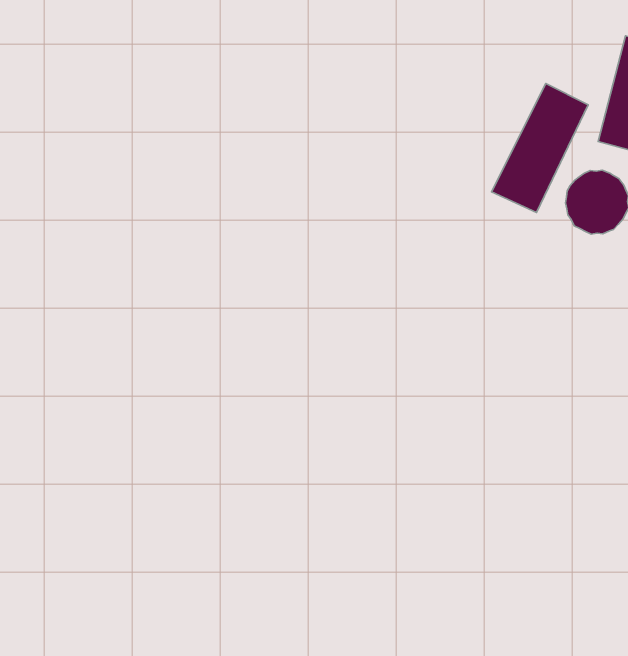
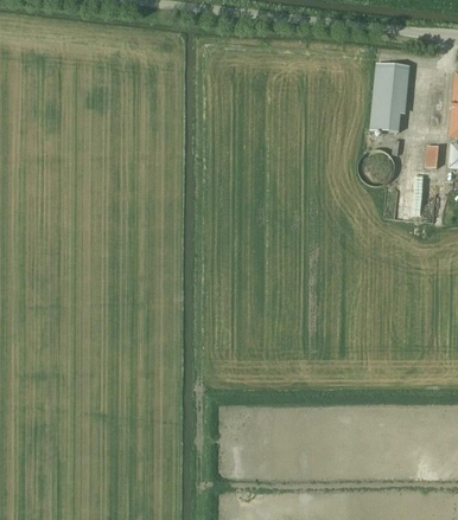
building: [492,83,588,213] -> none

